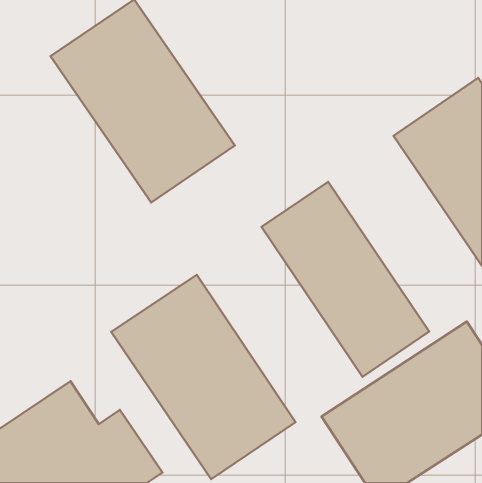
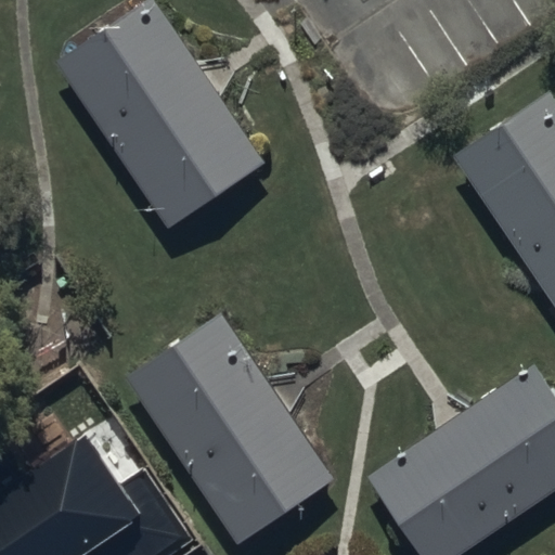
building: [262,182,429,377] -> none

